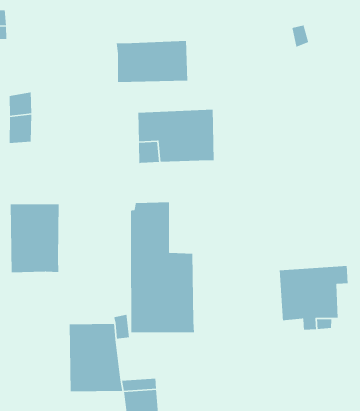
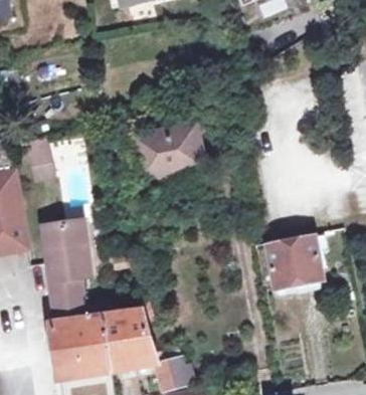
building: [116,40,188,83] -> none
building: [130,201,195,333] -> [46,275,114,387]

